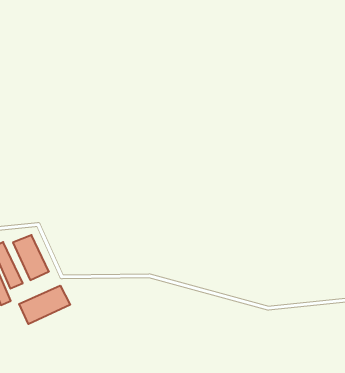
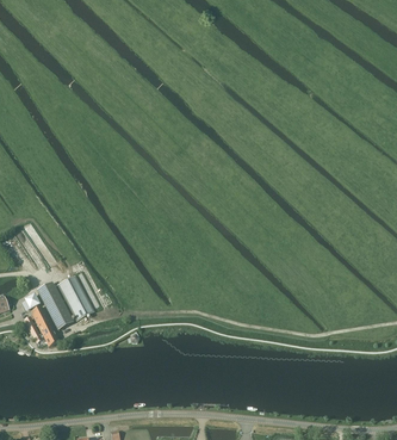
building: [19,286,70,324] -> none

